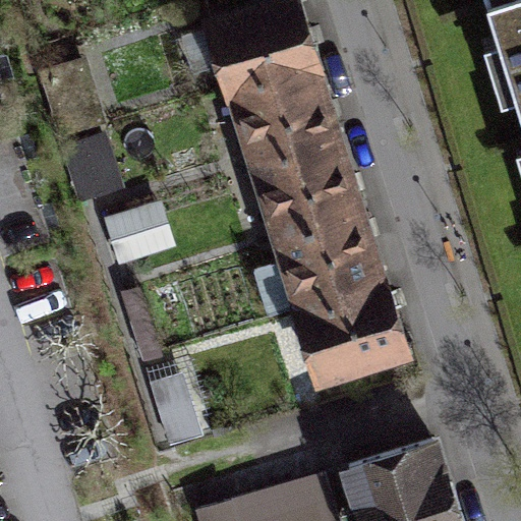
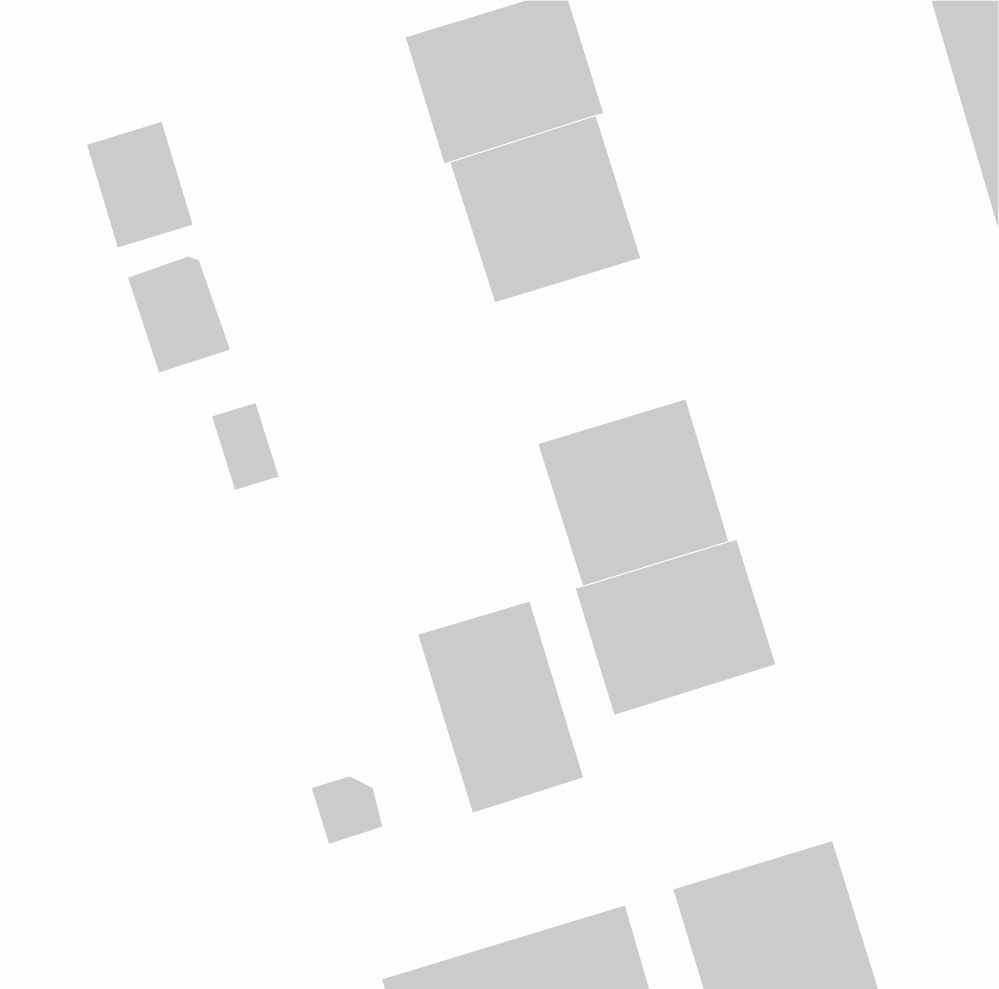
building: [257,139,357,236] -> none
building: none -> [418,601,584,813]

